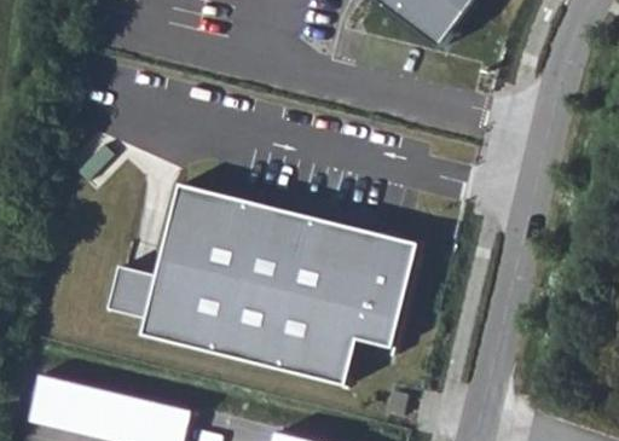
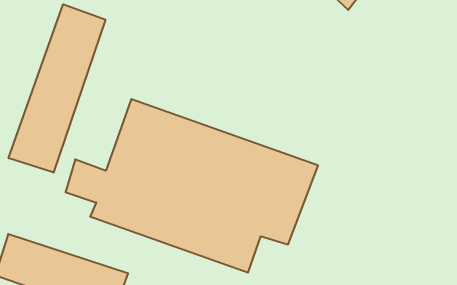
building: none -> [9,4,105,173]

